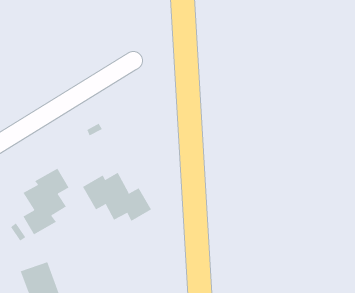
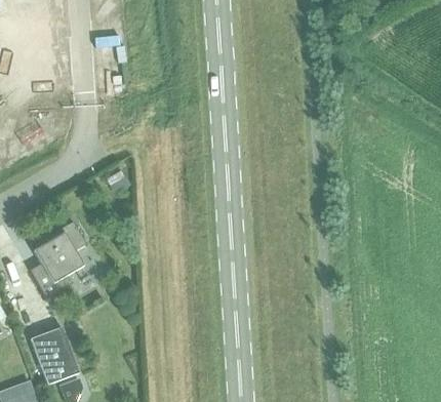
building: [82,172,152,222] -> none

